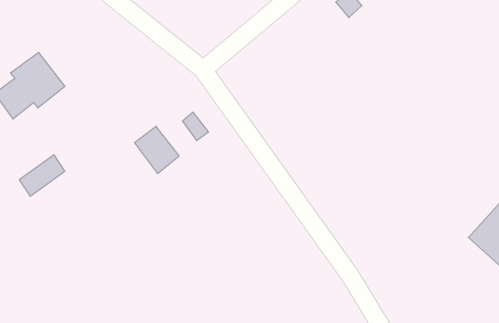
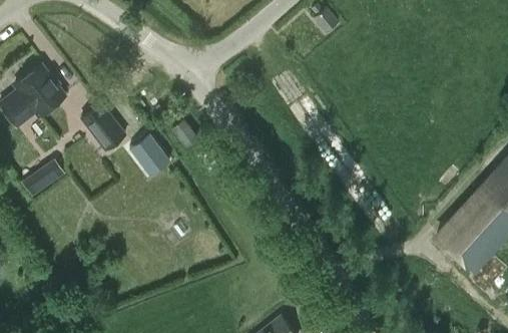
building: none -> [82,103,125,150]

